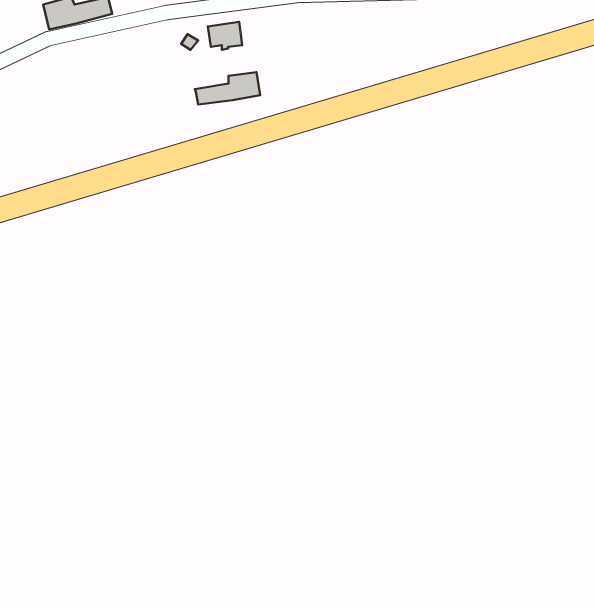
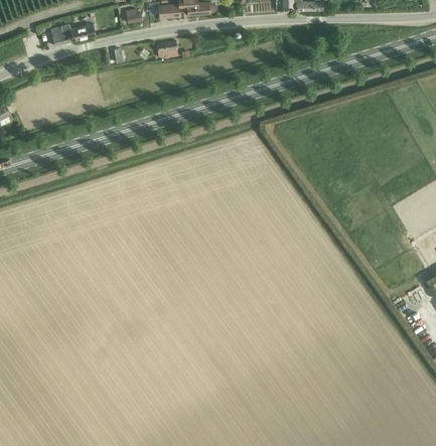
building: [195,72,260,105] -> none

